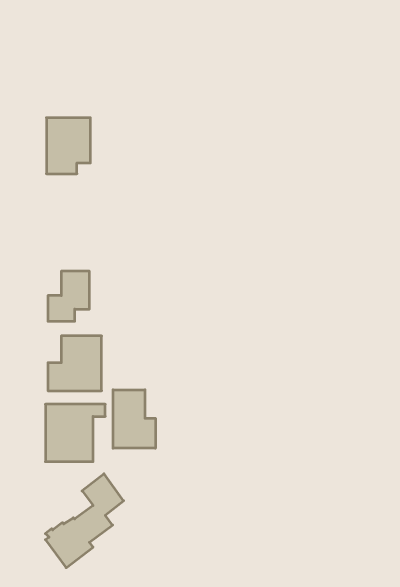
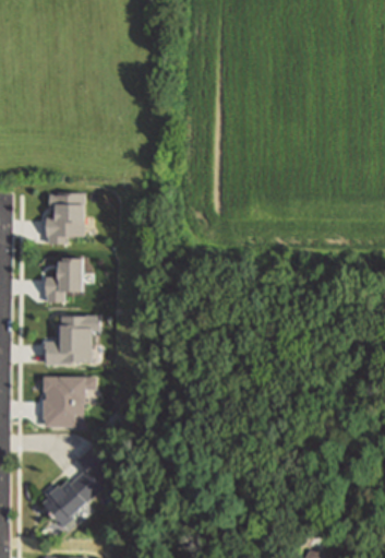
building: [46,118,90,174] -> [45,193,84,244]
building: [113,390,155,448] -> none

